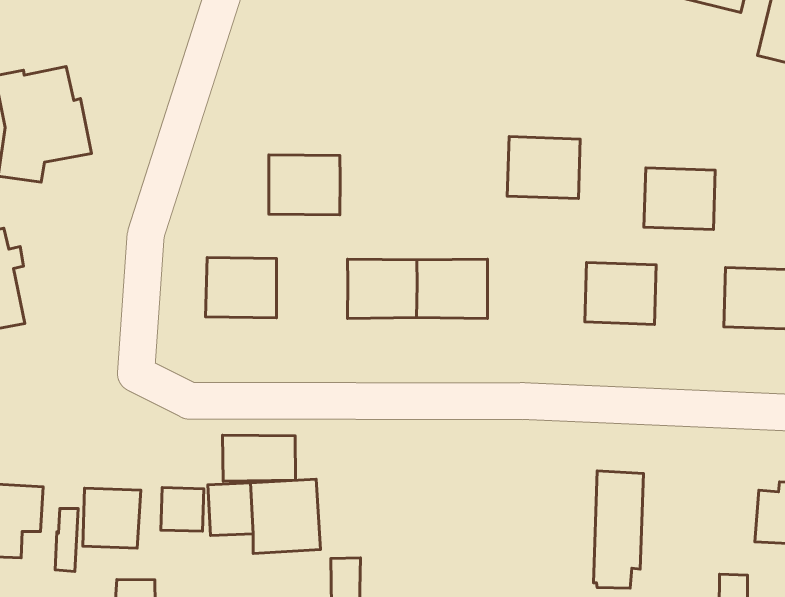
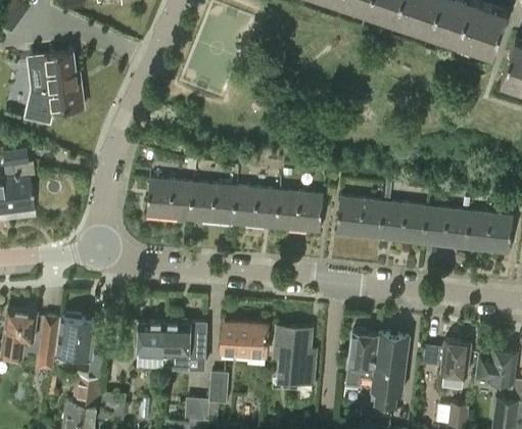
building: [507,137,580,198] -> [336,197,384,239]
building: [269,155,340,215] -> [189,184,236,225]
building: [644,168,715,230] -> [423,207,470,249]
building: [223,435,296,481] -> [221,322,268,353]
building: none -> [344,329,380,401]
building: none -> [275,326,314,384]
building: none -> [421,340,471,390]
building: [161,488,204,531] -> none

